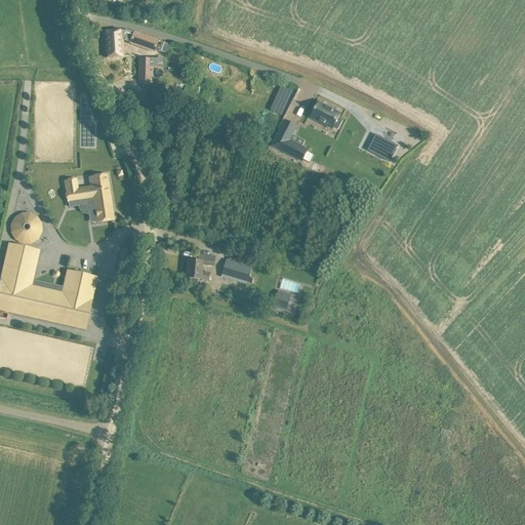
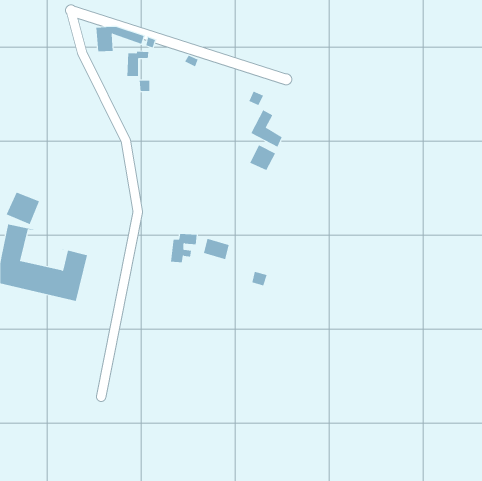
building: [311,102,341,127] -> none
building: [367,133,397,160] -> none
building: none -> [250,144,276,171]
building: [64,172,114,220] -> none

